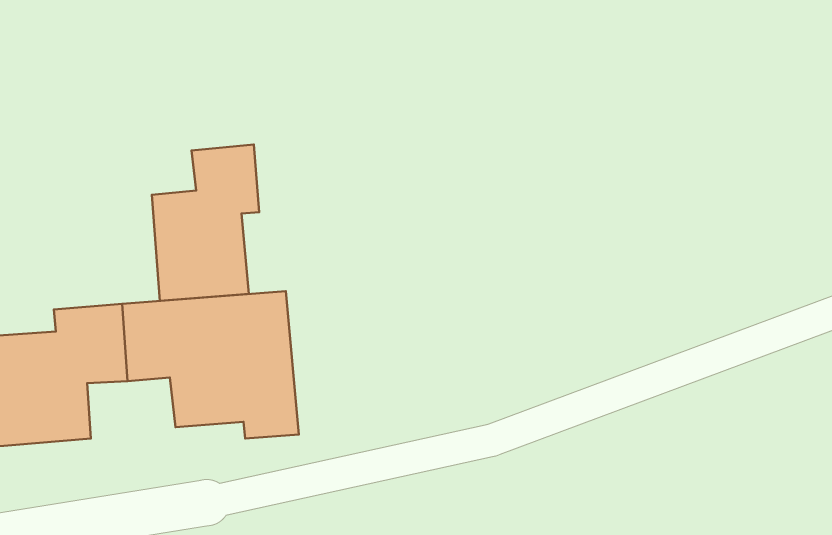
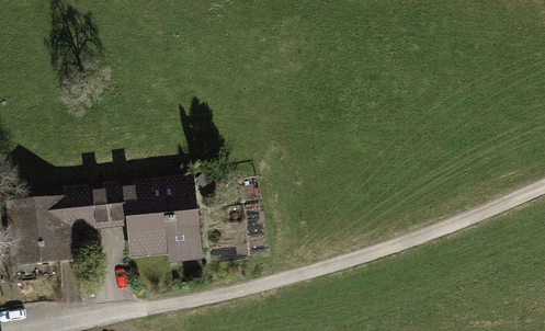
building: [152,145,259,301] -> none

